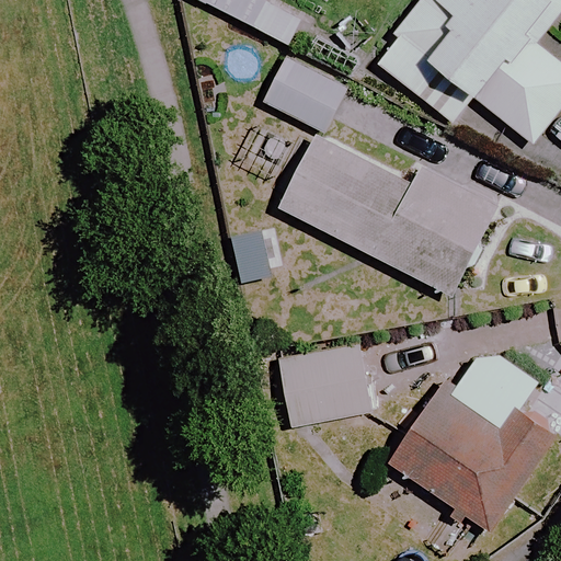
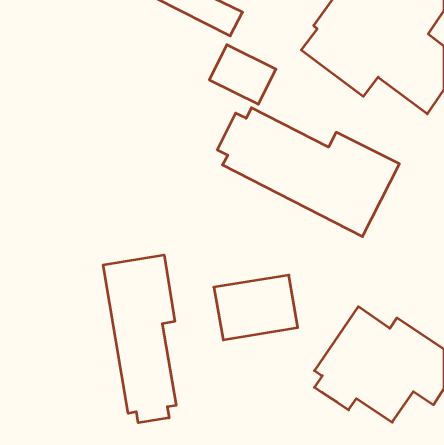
building: none -> [103,255,176,423]

